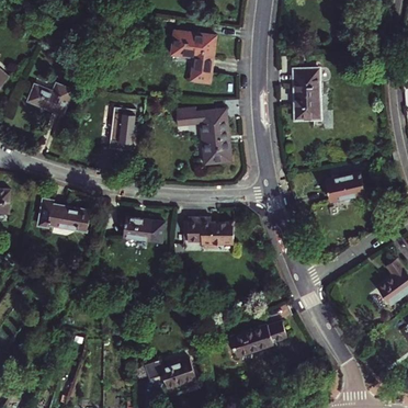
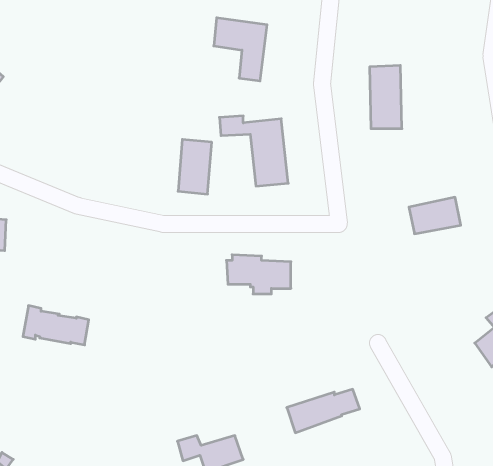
building: [29,83,71,114] -> none
building: [111,105,137,148] -> [178,139,212,194]
building: [38,200,90,230] -> [23,306,89,345]
building: [123,216,151,240] -> none

